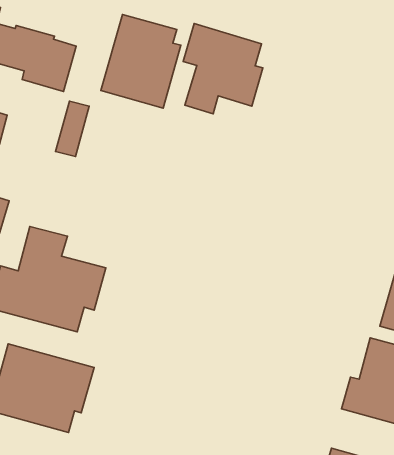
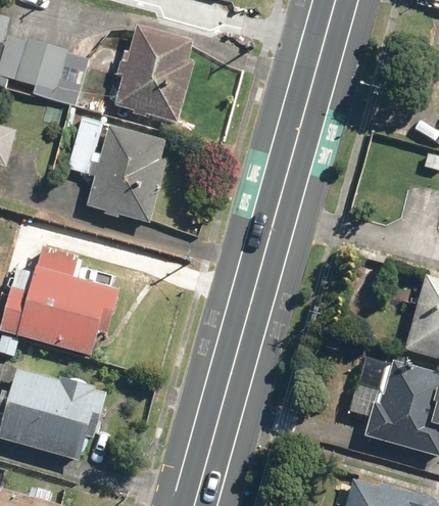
building: [183,23,263,114] -> none
building: none -> [87,126,166,223]

